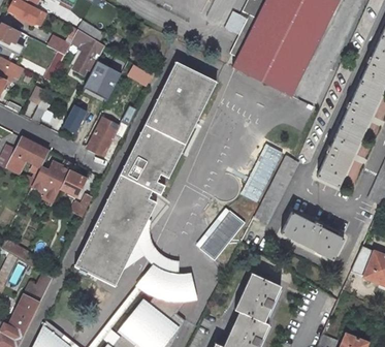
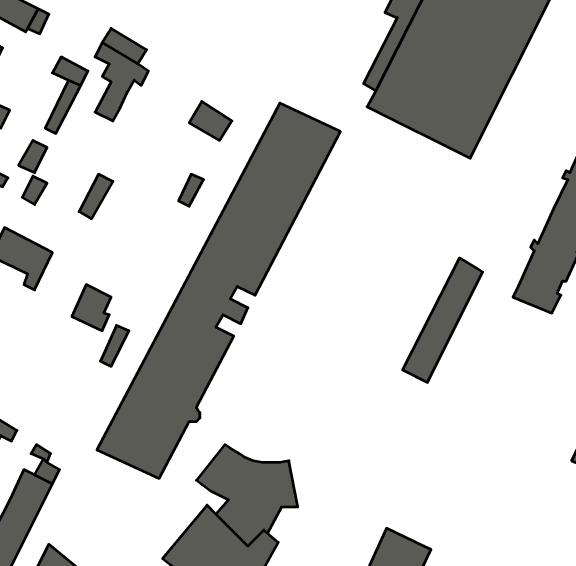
building: [86,61,121,99] -> none
building: [87,116,119,156] -> none
building: [239,144,282,202] -> none
building: [32,159,72,202] -> none
building: [195,207,243,261] -> none
building: [281,211,344,259] -> none
building: [237,274,281,321] -> none

